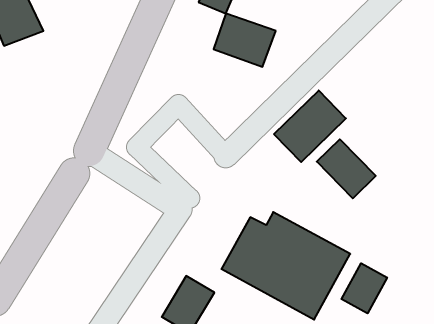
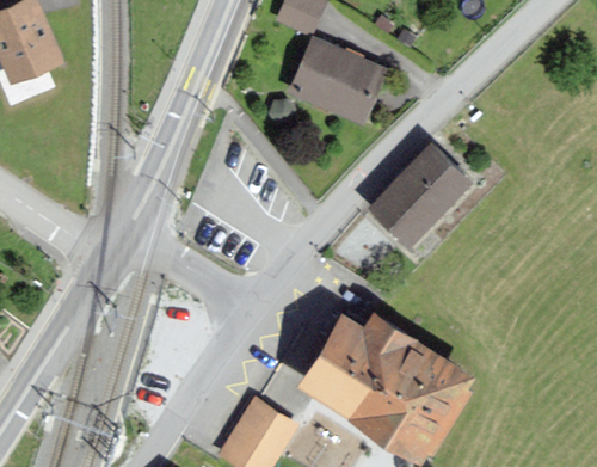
building: [317,139,376,198] -> none
building: [341,263,387,313] -> none

